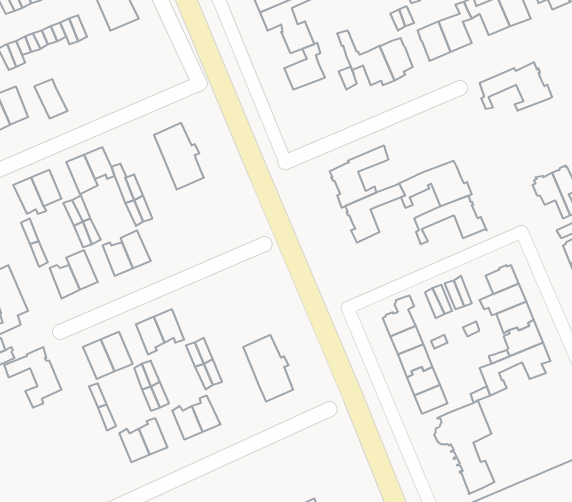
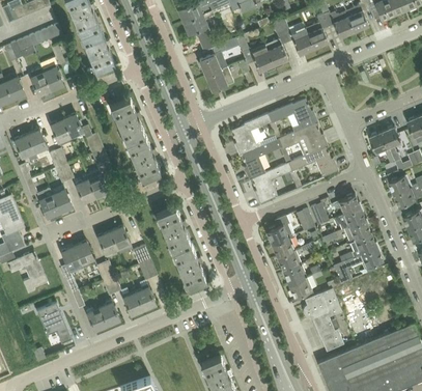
building: none -> [80,27,115,72]
building: [480,62,552,111] -> [268,100,317,133]
building: none -> [39,58,62,90]
building: none -> [205,67,233,91]
building: none -> [125,136,161,180]
building: none -> [251,164,291,205]
building: none -> [156,206,190,252]
building: none -> [36,304,72,344]

